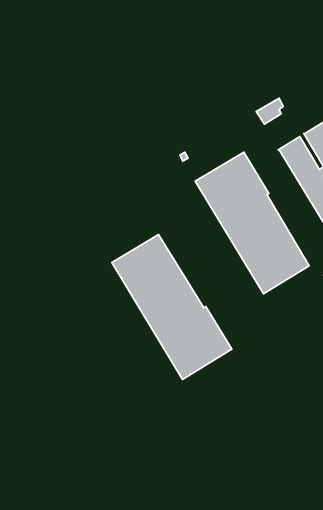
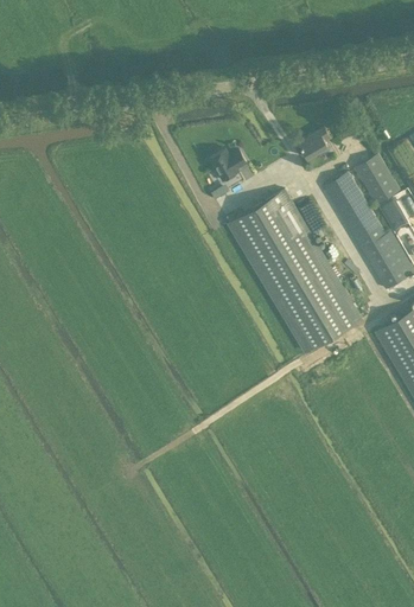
building: none -> [208,151,244,181]
building: [112,234,232,380] -> none

